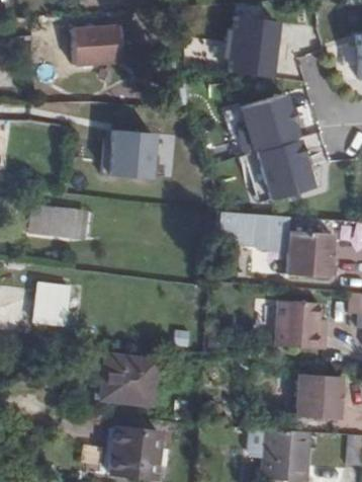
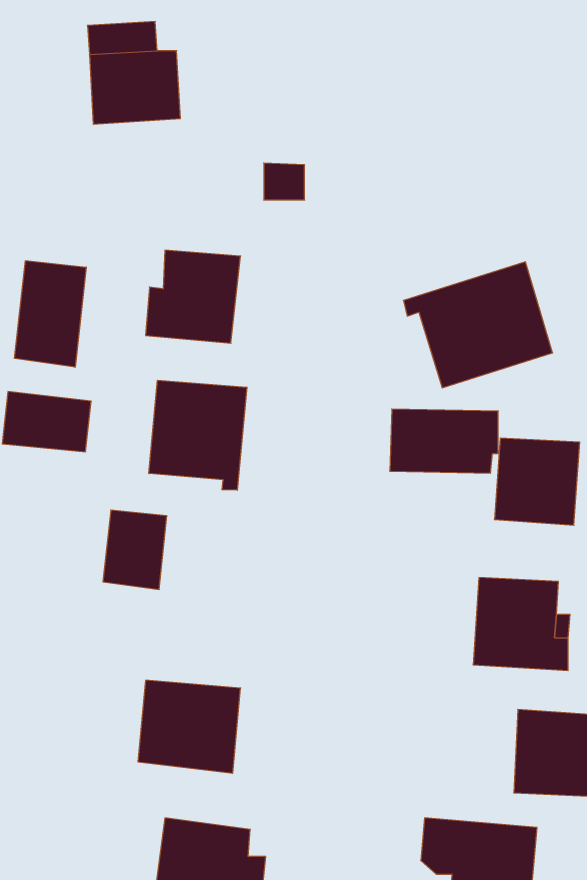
building: [230,17,279,77] -> none
building: [224,94,297,153] -> none
building: none -> [15,261,86,367]
building: none -> [149,380,247,490]
building: [34,284,68,325] -> [103,510,167,589]

